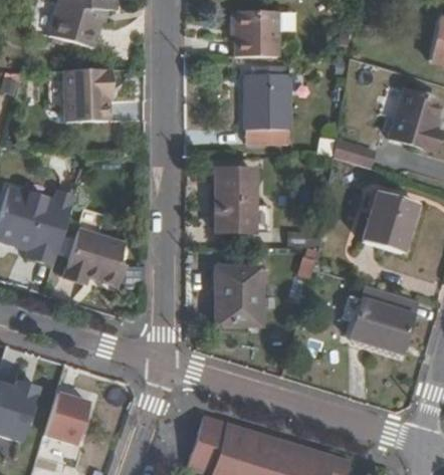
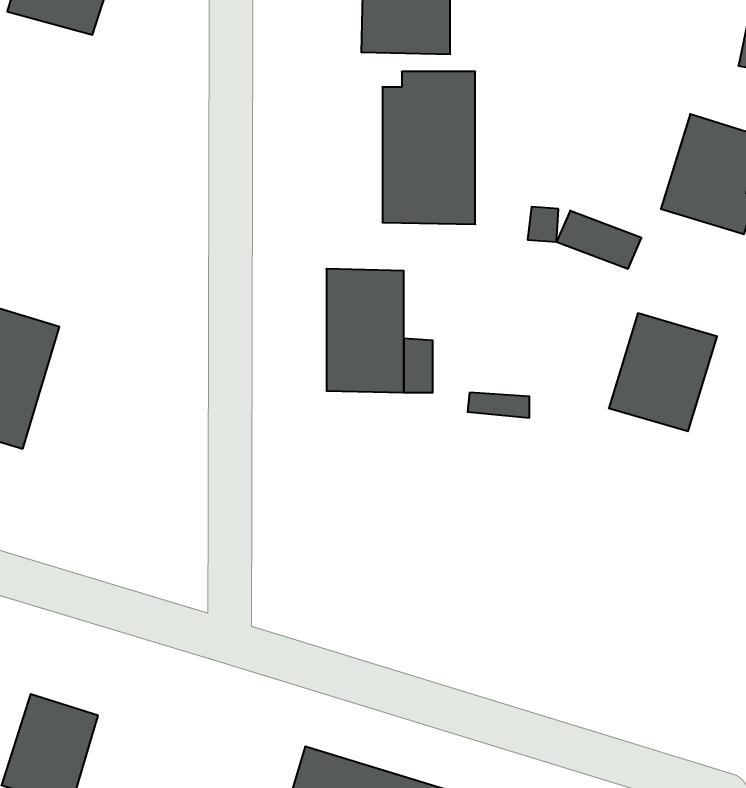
building: [63,67,110,122] -> none
building: [59,228,119,284] -> none
building: [214,265,261,325] -> none
building: [343,283,417,353] -> none

